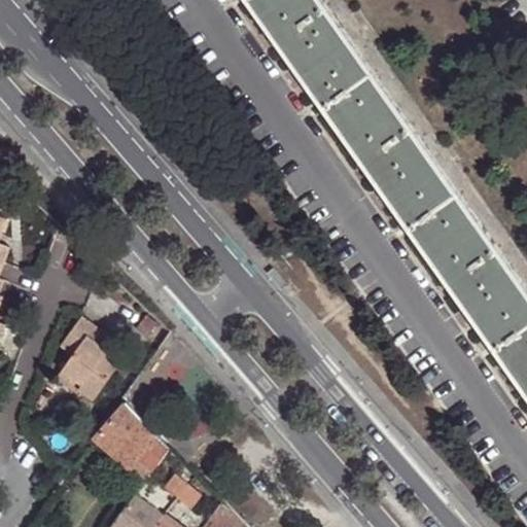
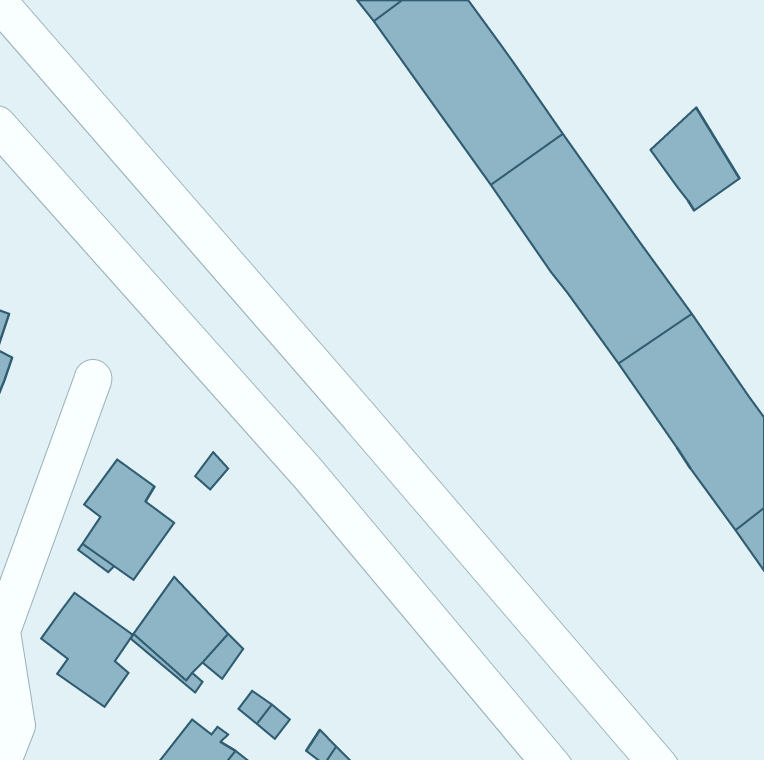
building: none -> [651,108,740,211]
building: none -> [41,593,133,707]

